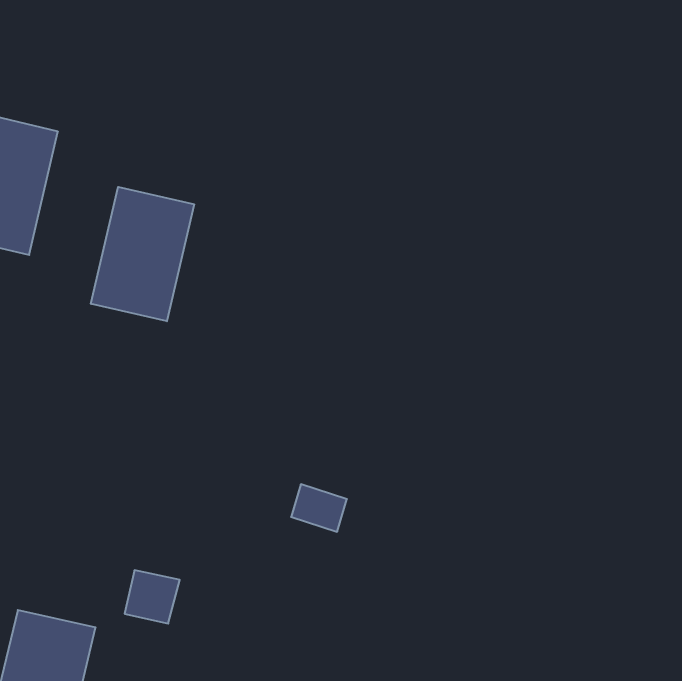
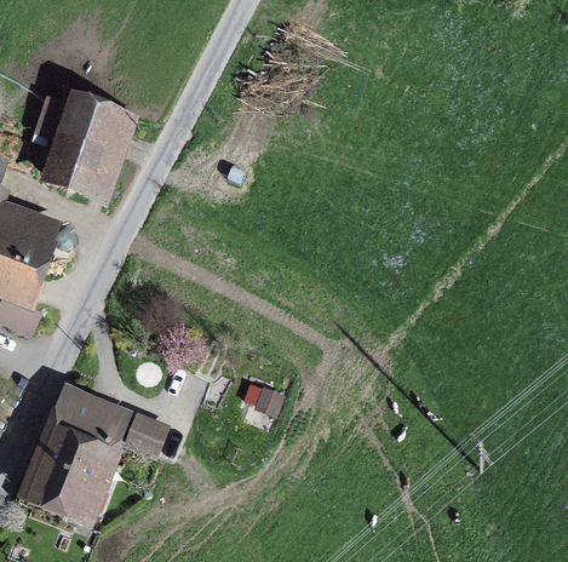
building: [91,187,194,321] -> none
building: none -> [54,390,120,449]

